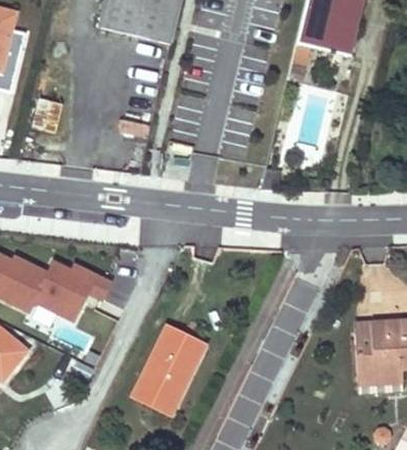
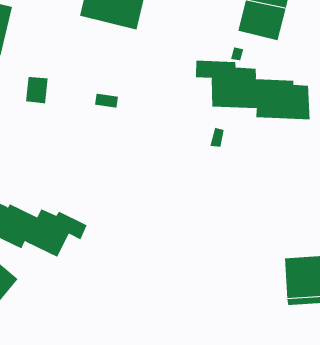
building: none -> [195,60,310,120]
building: [134,324,205,413] -> none

